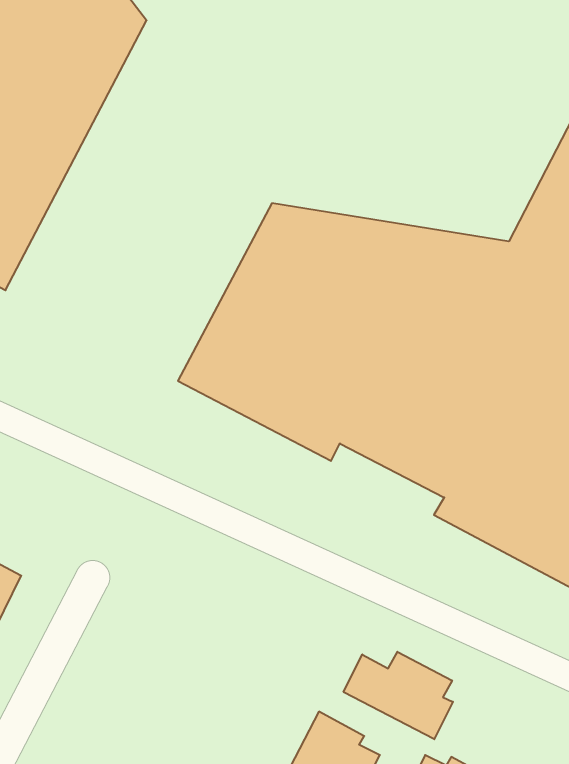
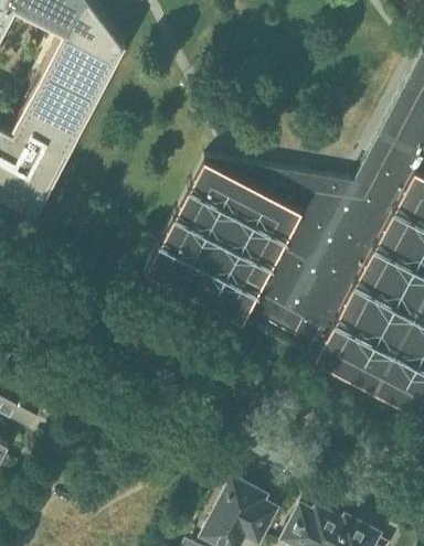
building: [344,652,453,739] -> none

